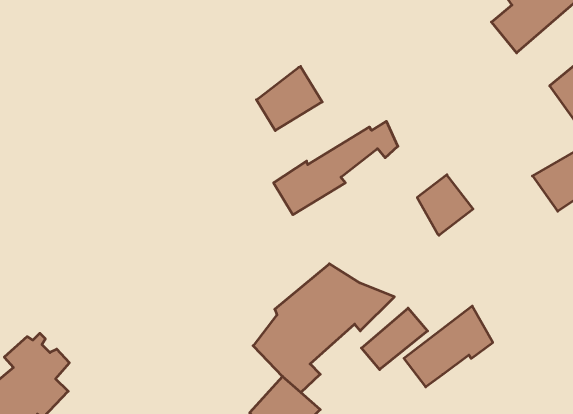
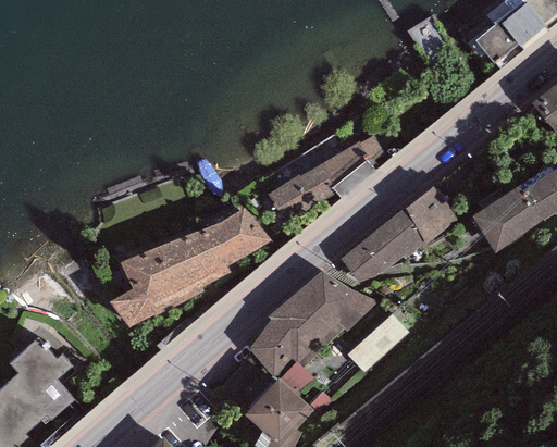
building: [256,66,322,131] -> none
building: none -> [471,187,539,252]
building: none -> [109,208,271,326]
building: [404,306,493,387] -> [339,208,424,285]

